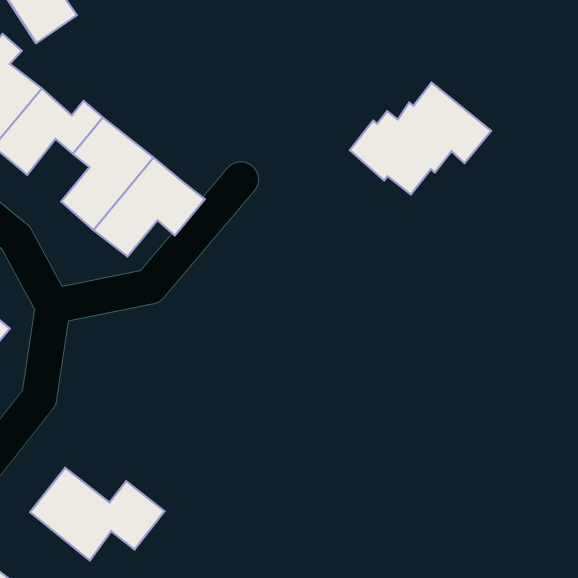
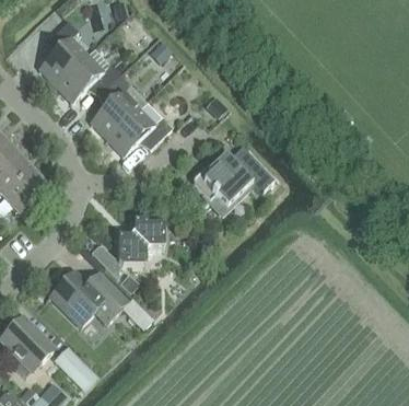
building: [350,83,491,195] -> [190,147,272,209]
building: none -> [104,219,163,278]

